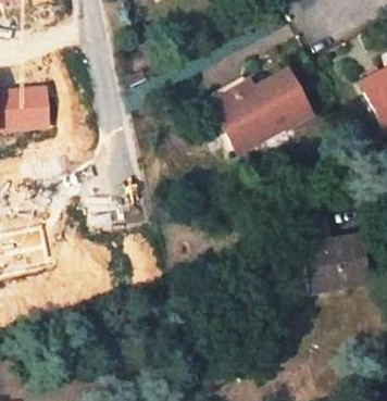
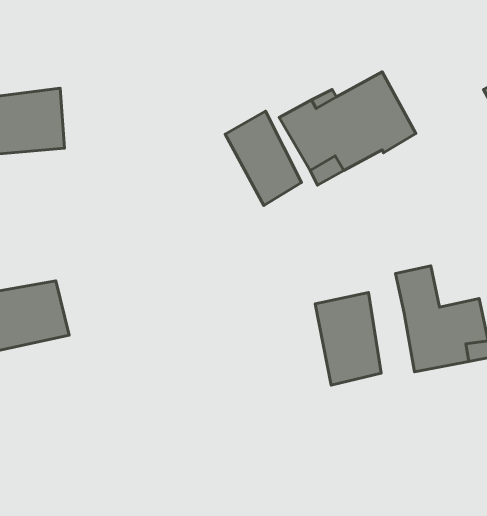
building: none -> [225,111,302,206]
building: none -> [315,292,381,385]

